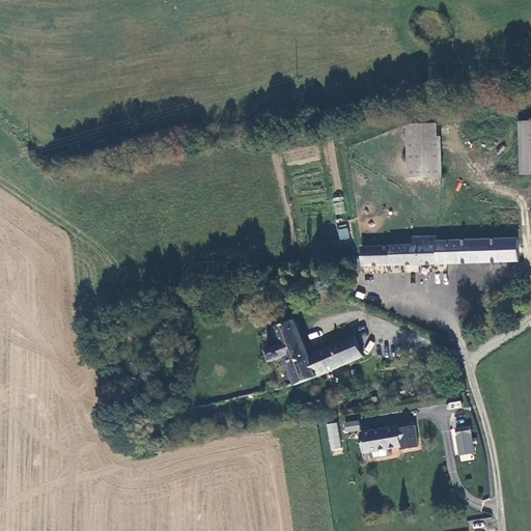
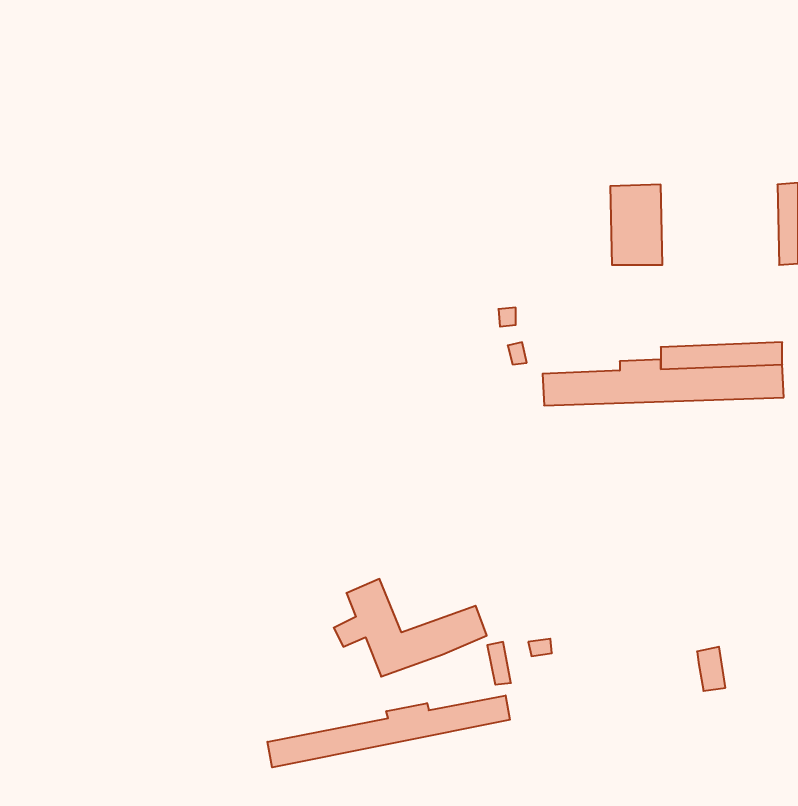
building: [267,318,367,383] -> [334,579,487,677]
building: [364,425,421,457] -> none
building: none -> [267,695,510,767]

